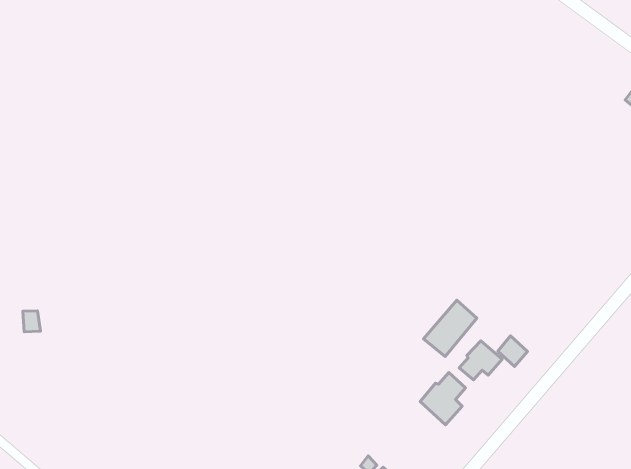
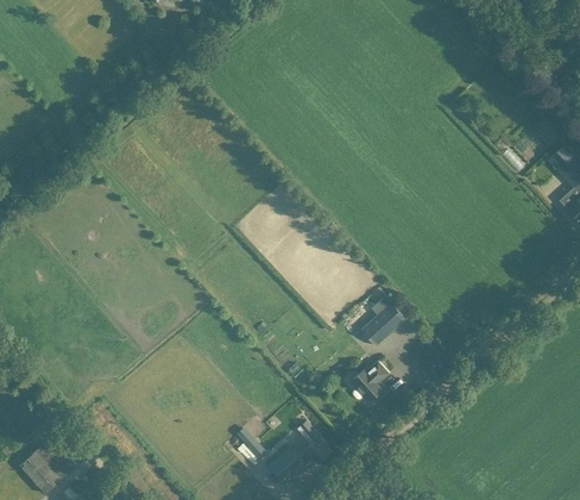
building: [459,341,502,380] -> none

